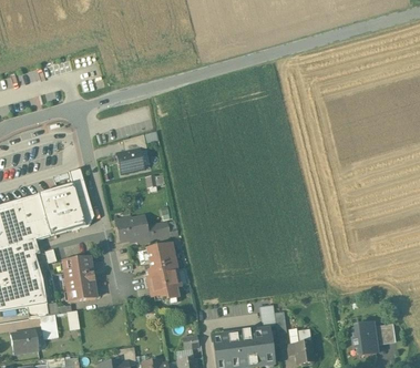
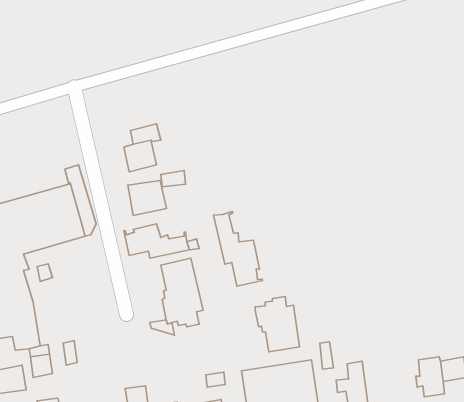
building: none -> [128,180,167,215]
building: none -> [214,211,263,286]
building: [62,256,95,301] -> none
building: none -> [255,297,300,352]

